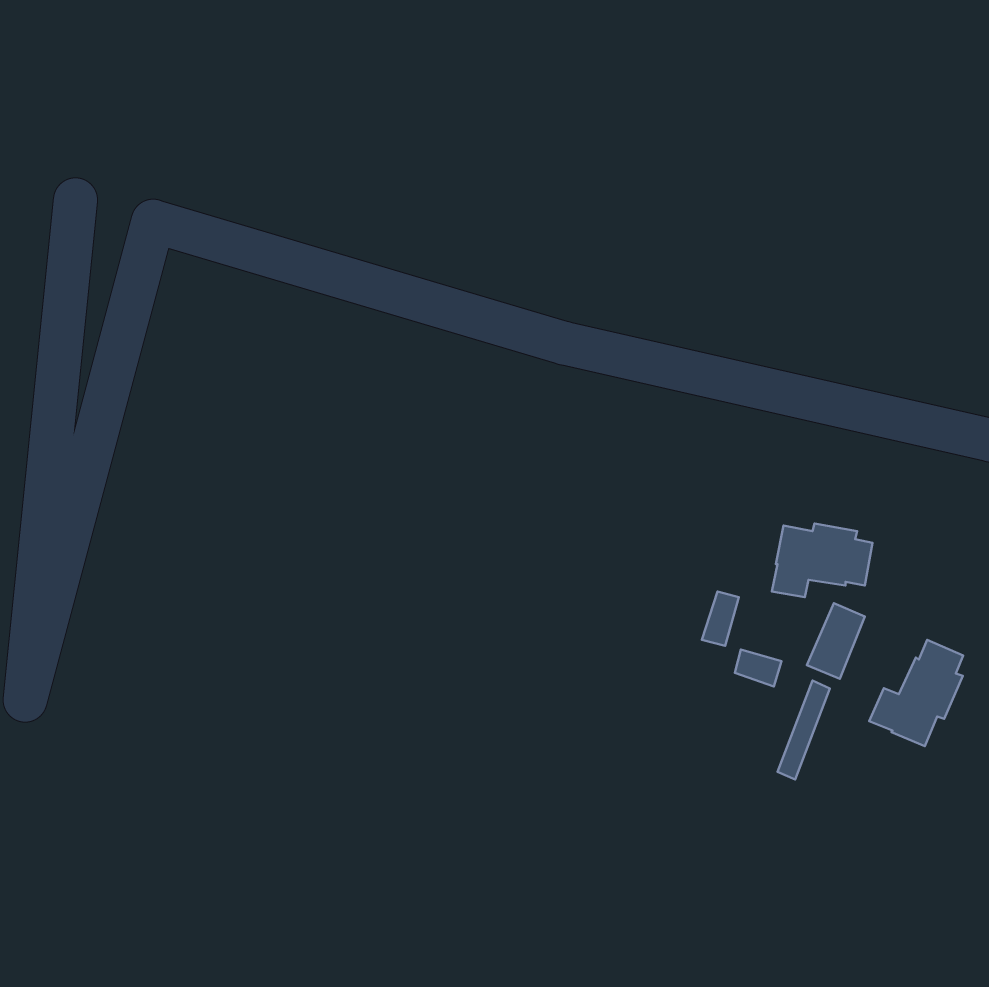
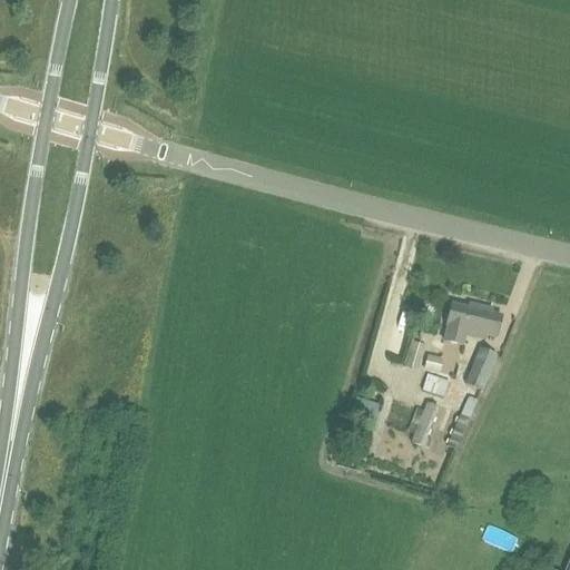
building: [869,640,963,746] -> none
building: none -> [406,401,438,445]

